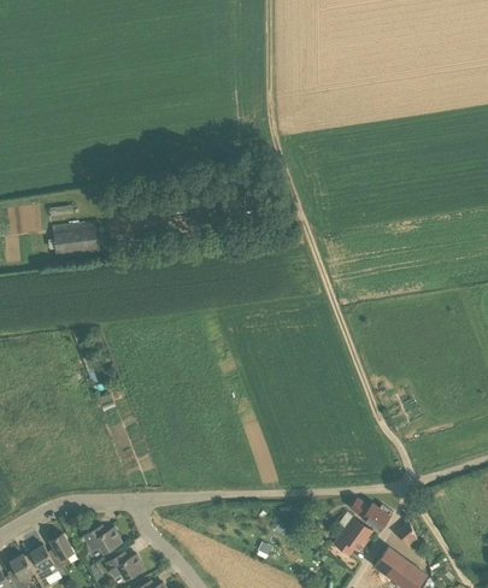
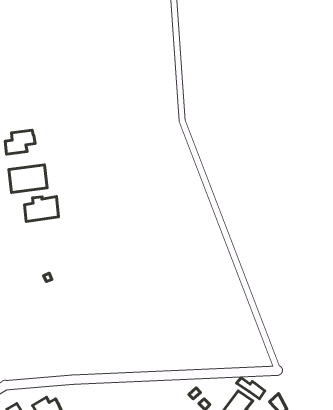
building: none -> [5,130,35,154]
building: none -> [24,197,59,221]

